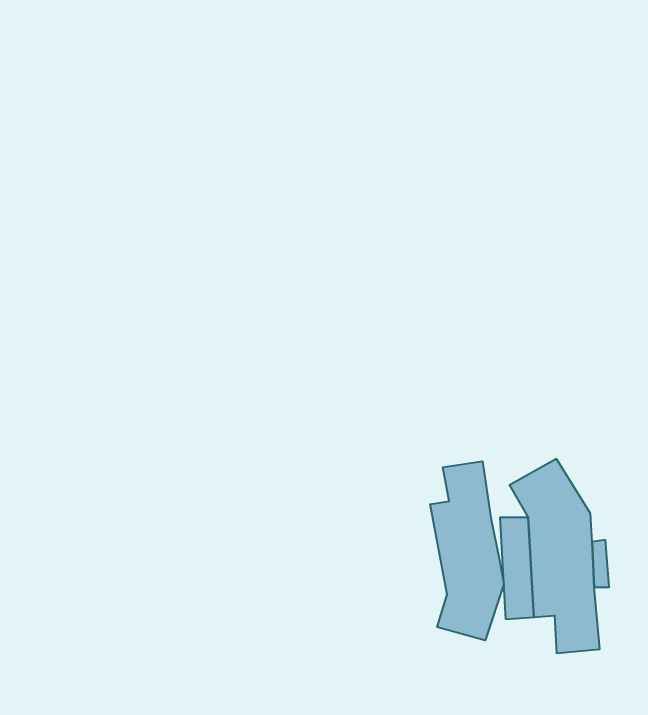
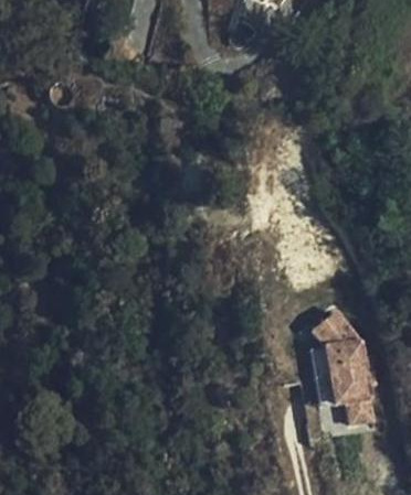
building: [430,461,504,640] -> none

